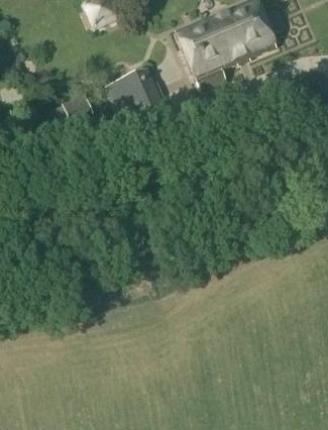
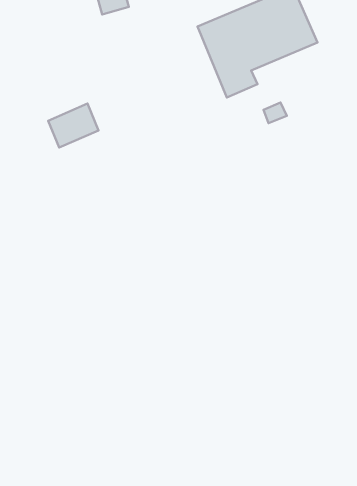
building: [109,67,166,125] -> none

